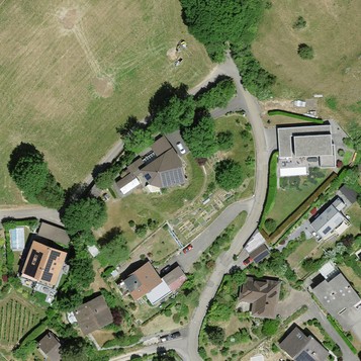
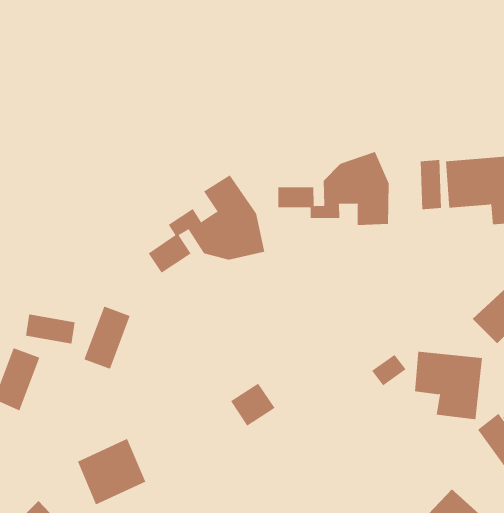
building: none -> [278,151,389,226]
building: [37,247,66,285] -> [84,306,131,369]
building: [120,261,162,300] -> none
building: [239,278,280,320] -> [414,351,483,420]

